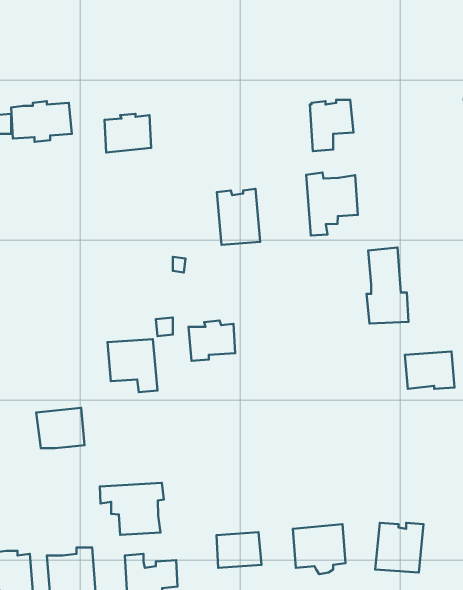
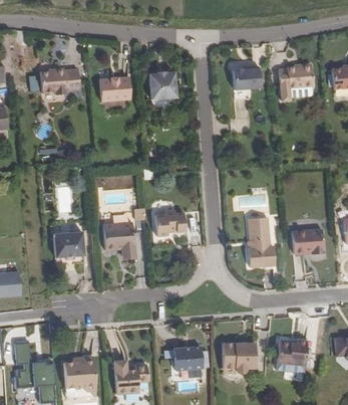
building: none -> [279,60,313,97]
building: [306,172,358,235] -> none
building: [217,189,260,245] -> [148,71,177,108]
building: [367,247,409,324] -> [247,216,274,265]
building: [36,408,84,448] -> [52,229,83,255]
building: [100,483,164,535] -> none

